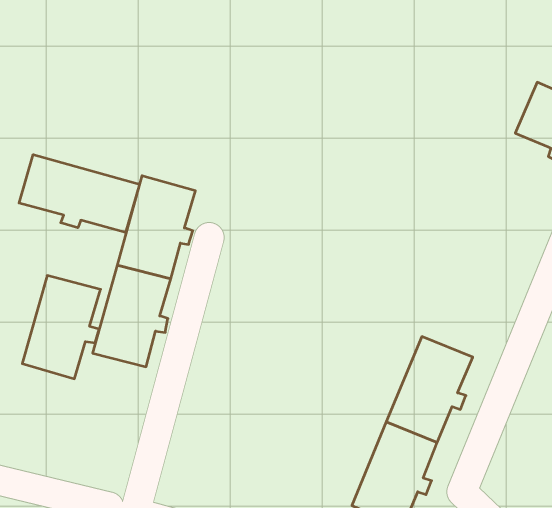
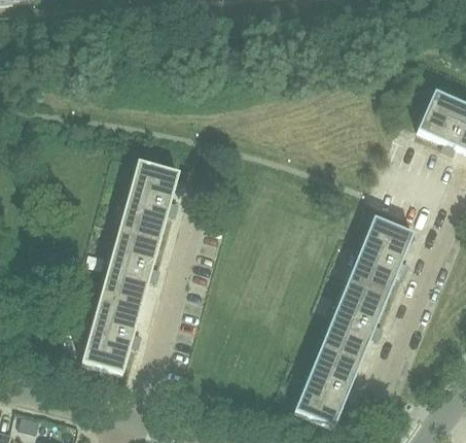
building: [19,155,140,233] -> none
building: none -> [348,218,411,299]
building: [22,276,101,379] -> [82,296,141,373]

